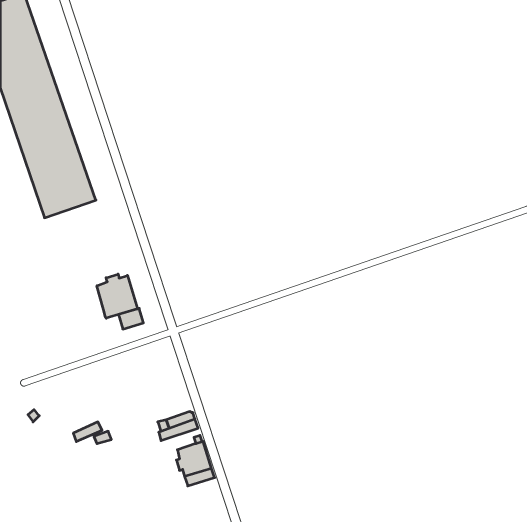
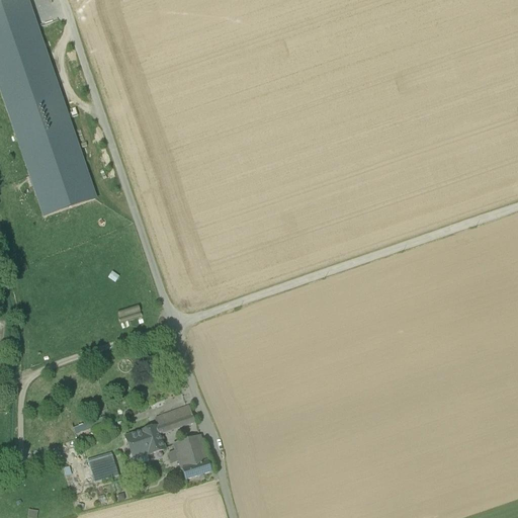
building: [97,274,137,318] -> none
building: none -> [125,424,163,456]
building: none -> [87,455,117,480]

